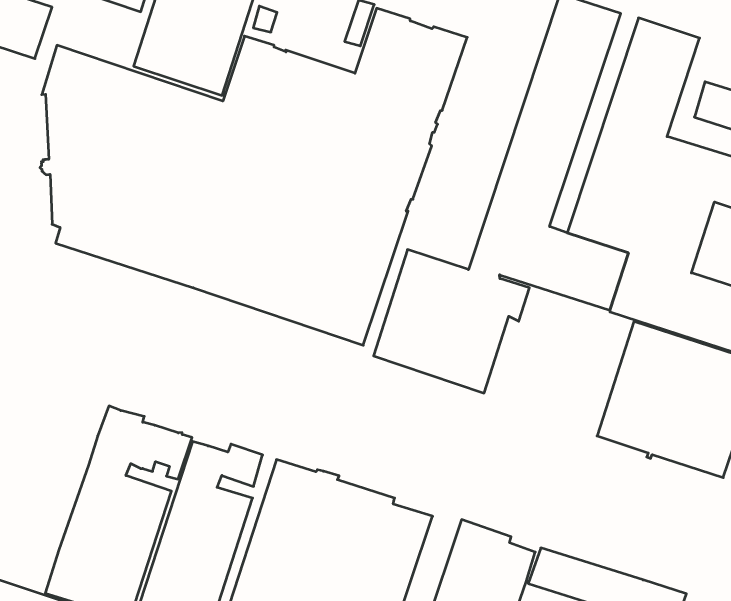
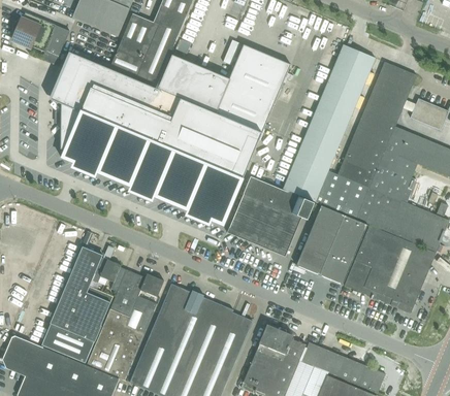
building: none -> [295,205,366,285]

